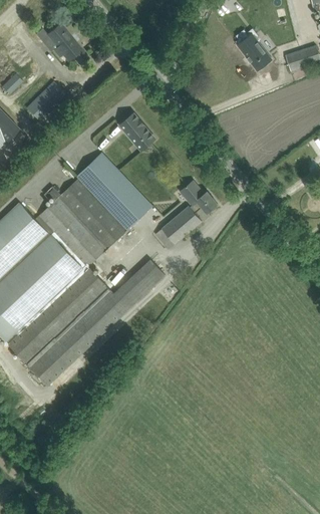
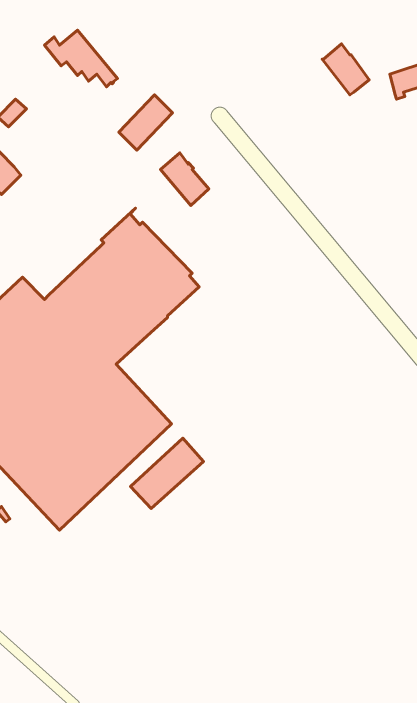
building: [27,79,66,119] -> [119,95,173,150]
building: [155,181,218,249] -> none
building: [113,258,167,309] -> [130,438,204,509]

